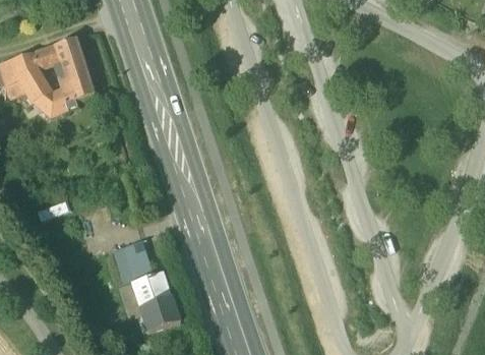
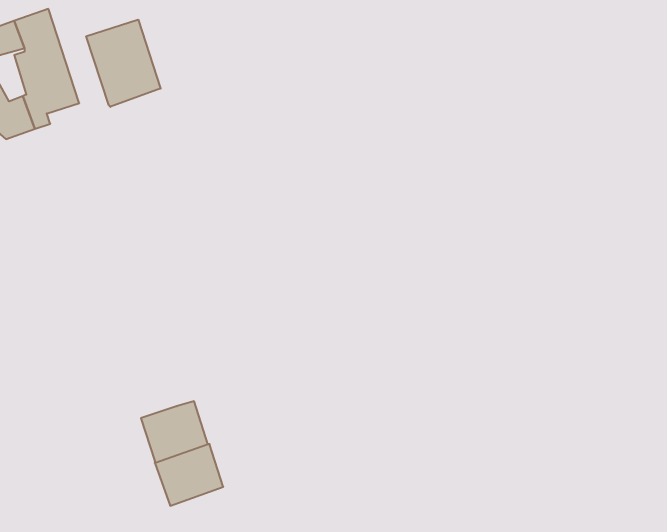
building: none -> [86,20,161,107]
building: [113,240,153,284] -> none

